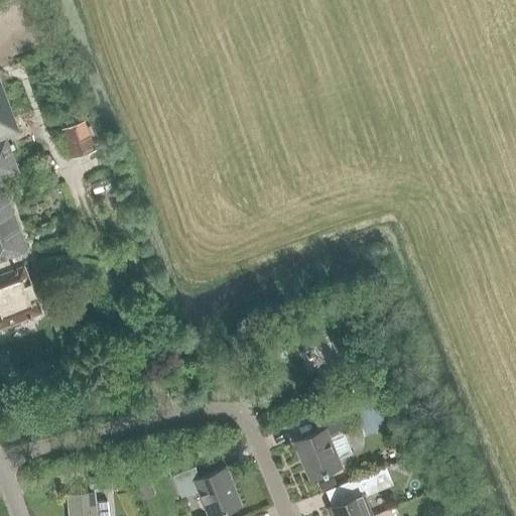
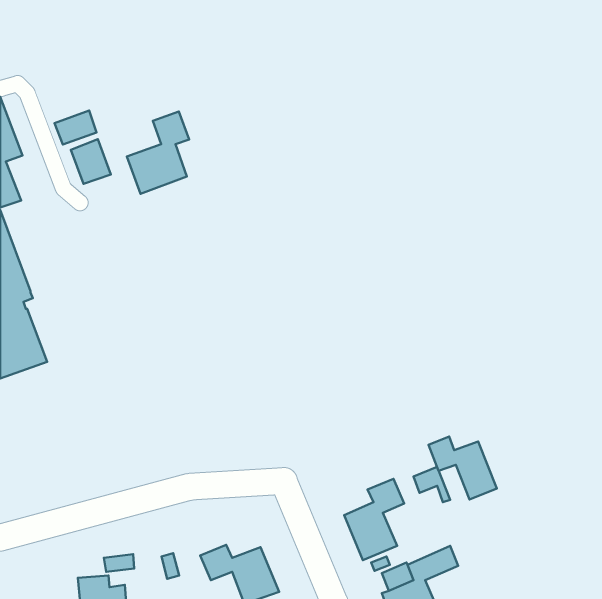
building: none -> [55,110,97,144]
building: none -> [127,111,189,194]
building: none -> [429,436,497,500]

